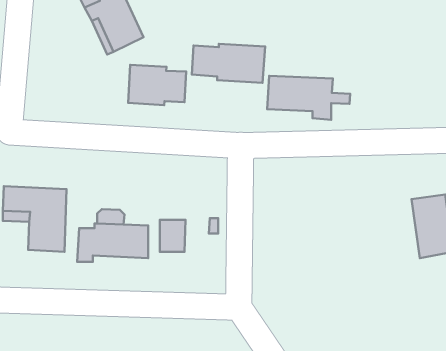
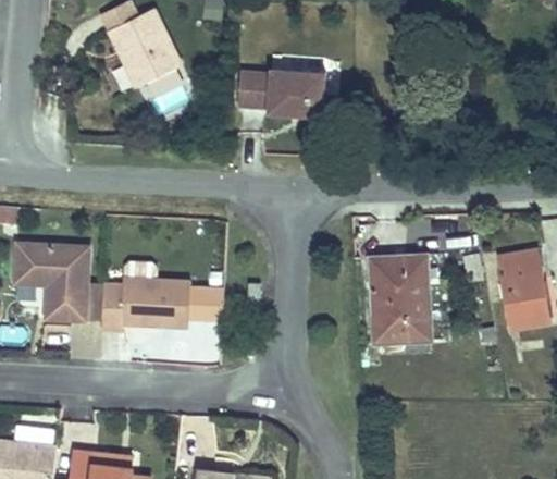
building: [128,65,186,105] -> none
building: [267,76,350,120] -> none
building: none -> [370,262,430,346]

